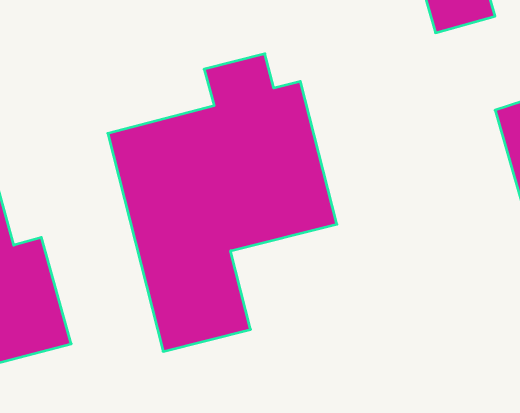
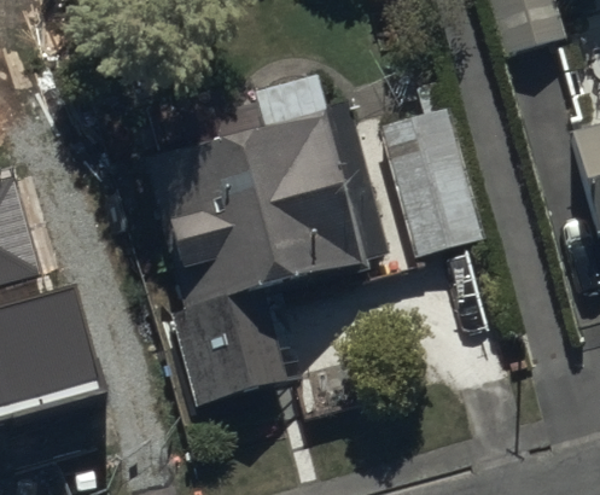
building: none -> [377,106,483,256]

